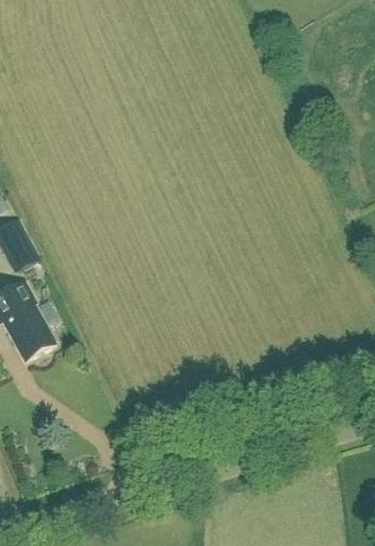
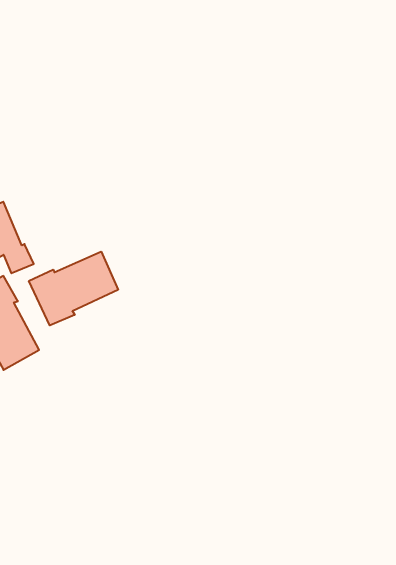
building: none -> [29,252,118,325]

